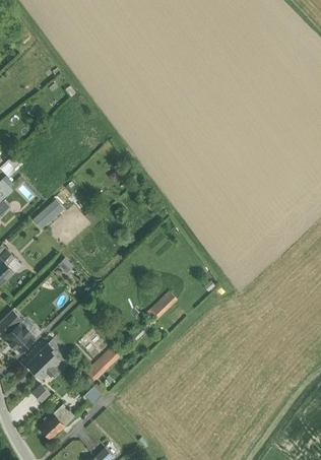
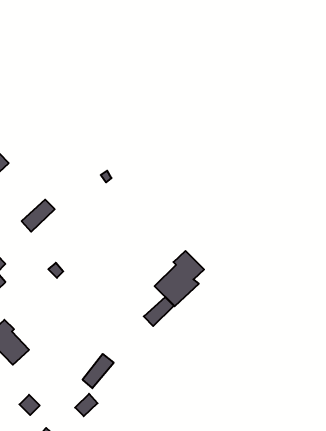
building: none -> [155,251,204,306]
building: [22,341,61,379] -> none

